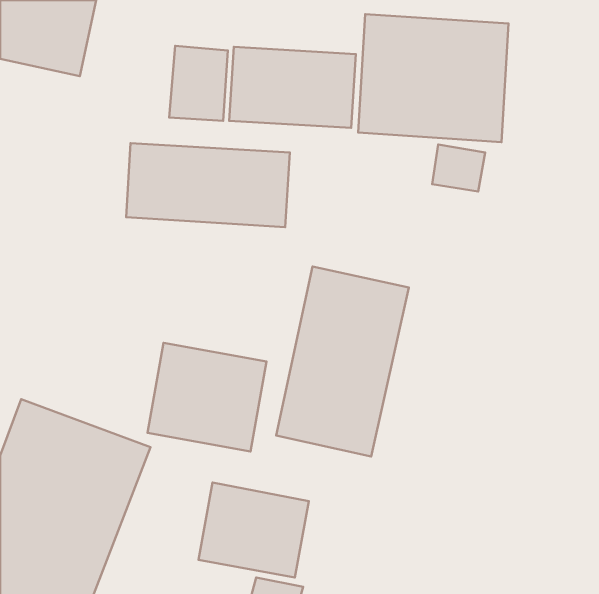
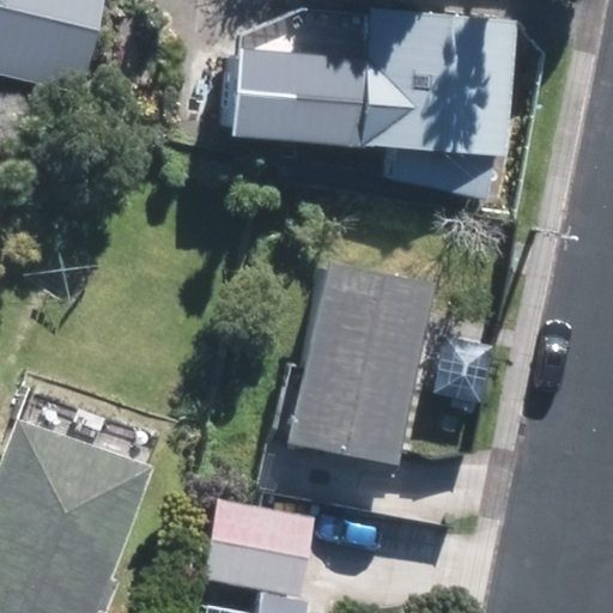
building: [126,143,290,227] -> none
building: [148,343,266,452] -> none

